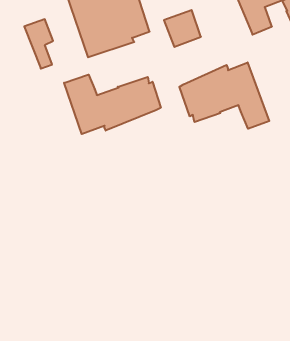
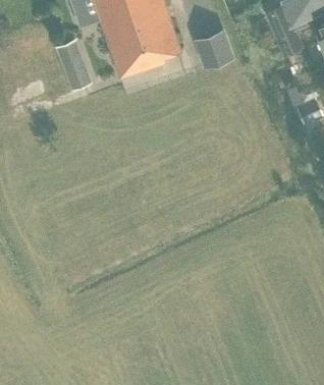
building: [179,62,269,129] -> none
building: [64,75,161,134] -> none

